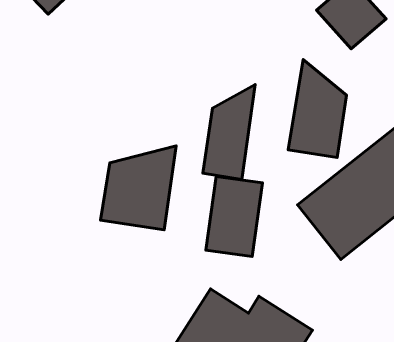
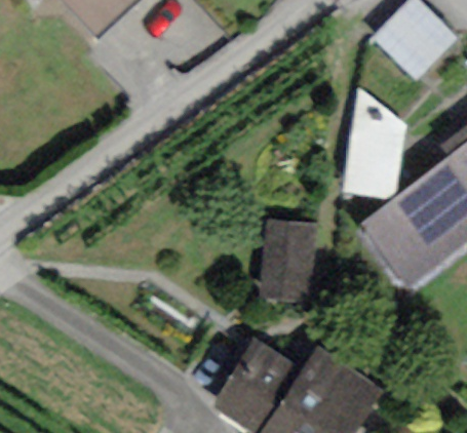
building: [203,84,255,179] -> none
building: [100,146,176,230] -> none

